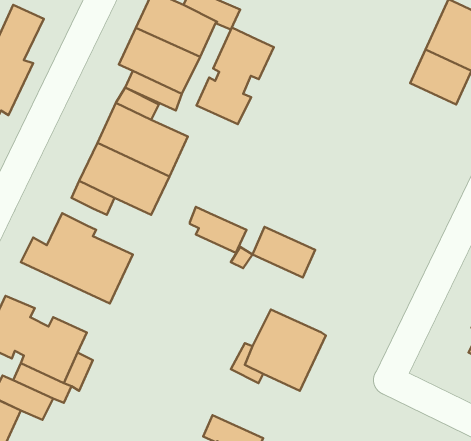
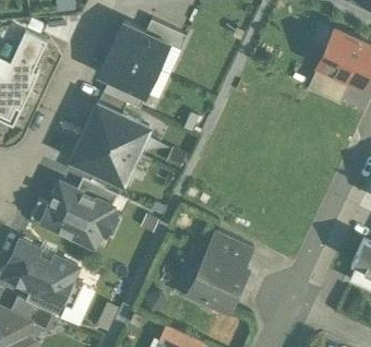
building: [197,27,274,124] -> none
building: [190,207,246,253] -> [76,179,117,212]
building: [252,227,315,277] -> [207,231,252,267]

